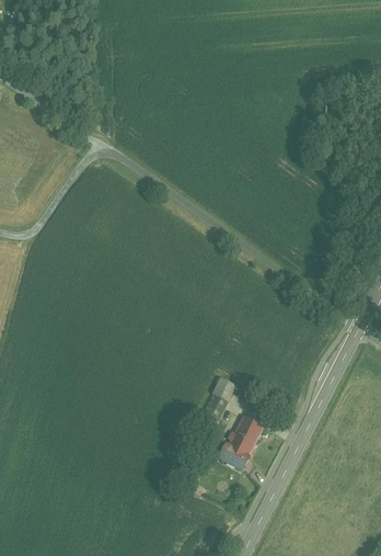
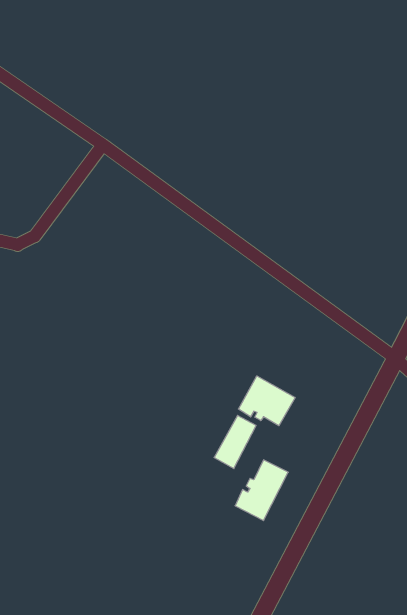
building: none -> [238,376,295,426]

